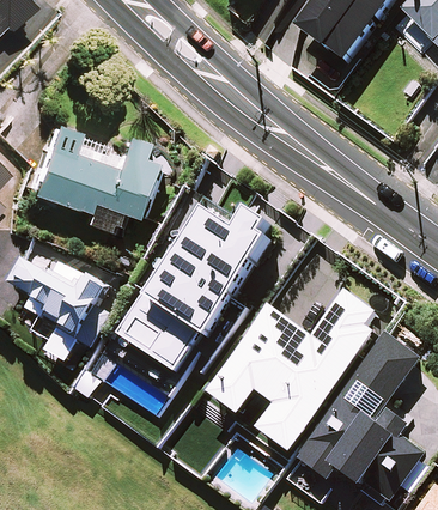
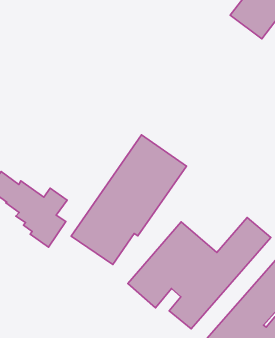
building: [30,126,169,225] -> none

